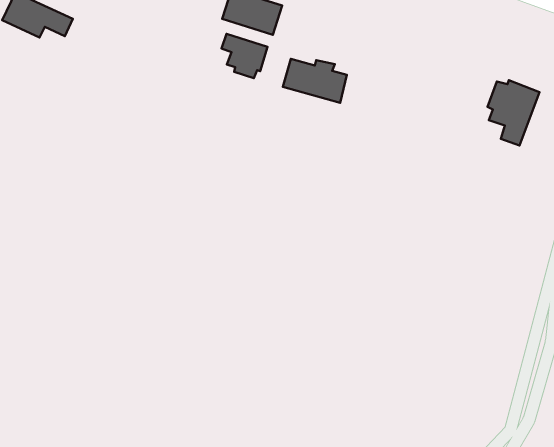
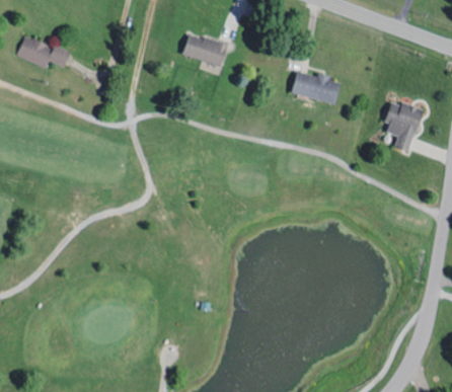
building: [222,34,268,78] -> none
building: [283,59,347,103] -> [292,71,341,104]

